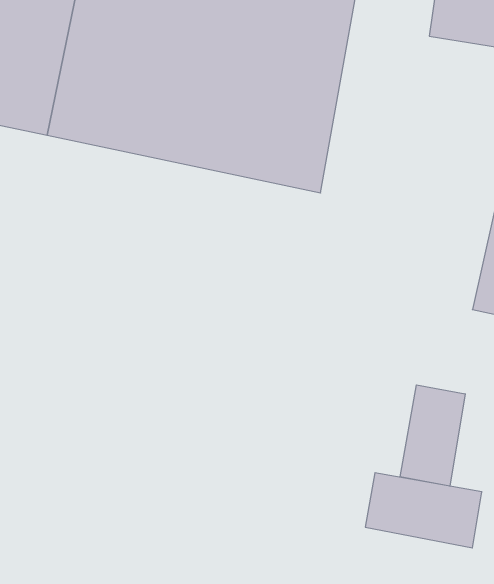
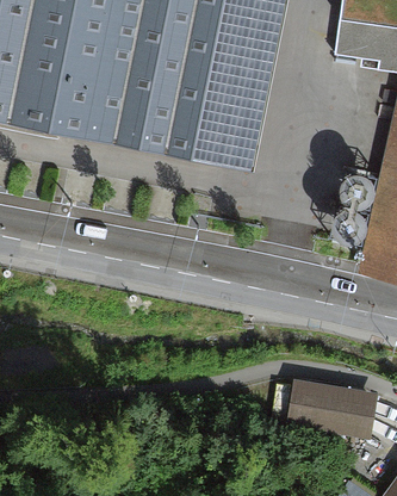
building: [400,385,465,486] -> none

